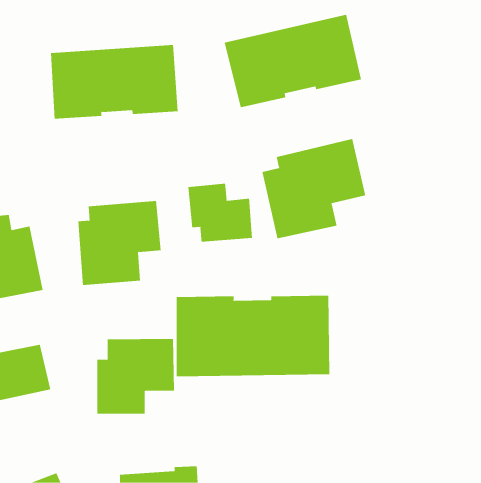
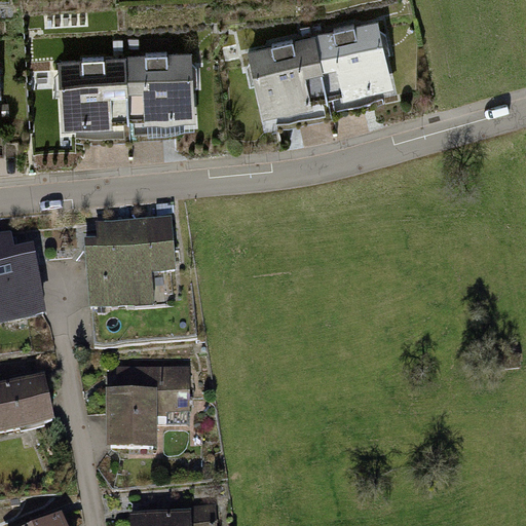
building: [262,138,366,239] -> none
building: [188,183,253,242] -> none
building: [176,295,330,377] -> none

